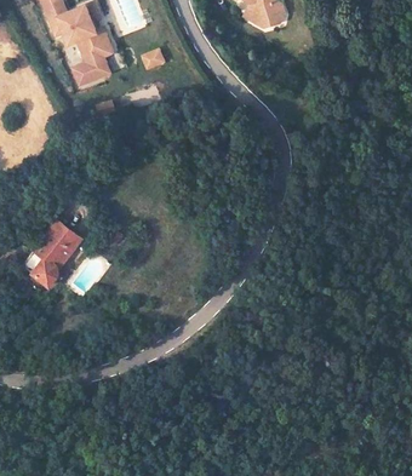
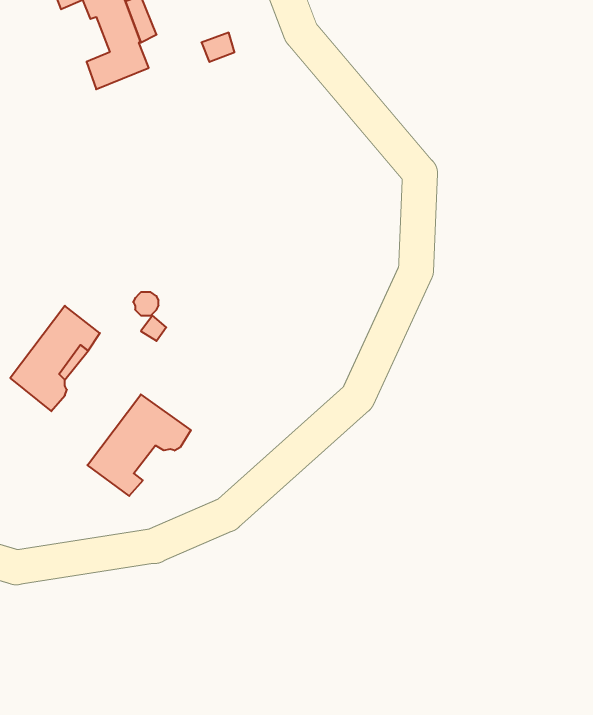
building: none -> [87,394,191,496]

